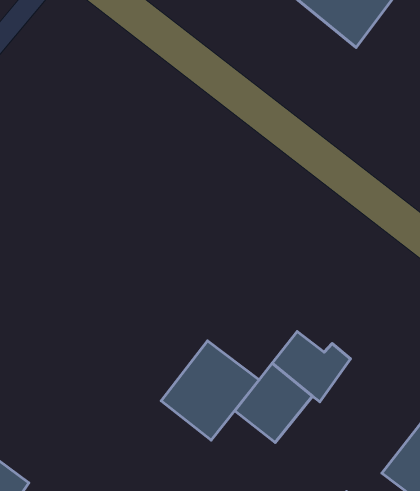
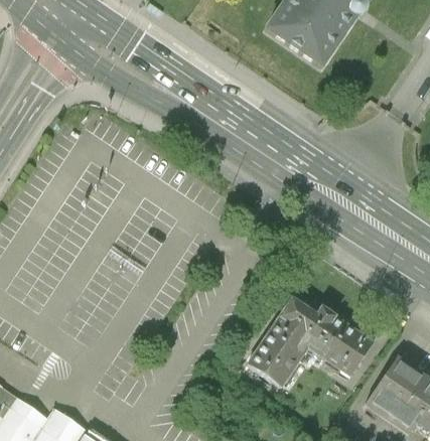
building: [161,341,259,440] -> none
building: none -> [313,317,373,378]

